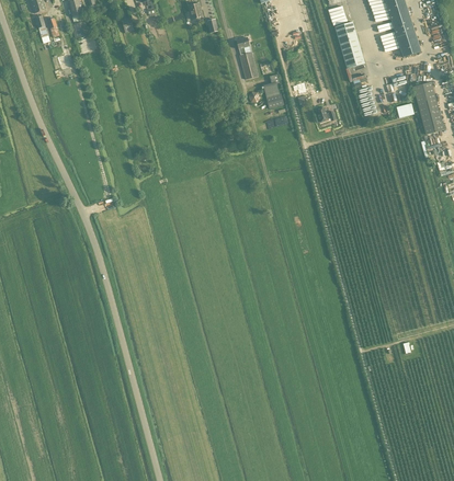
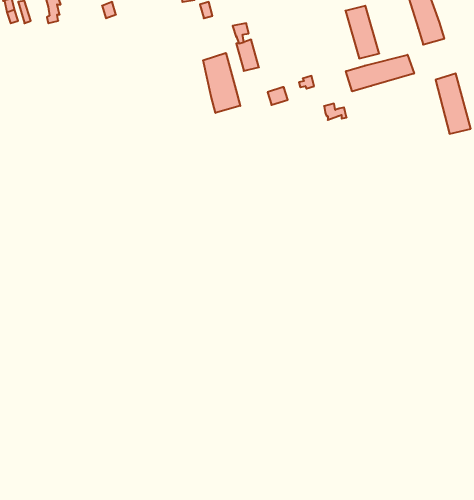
building: none -> [203,53,240,113]
building: none -> [346,55,414,91]

